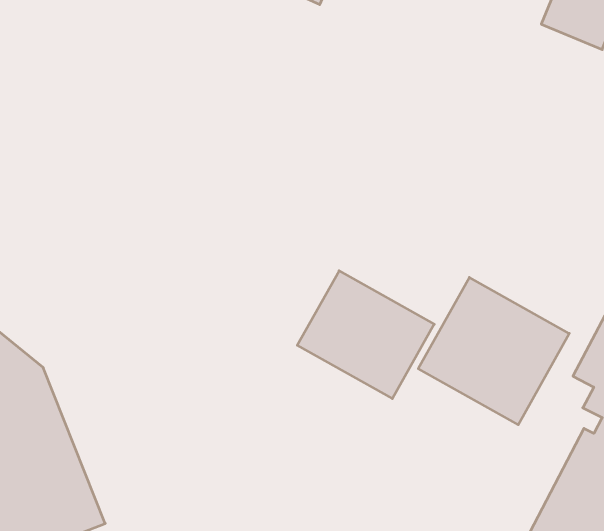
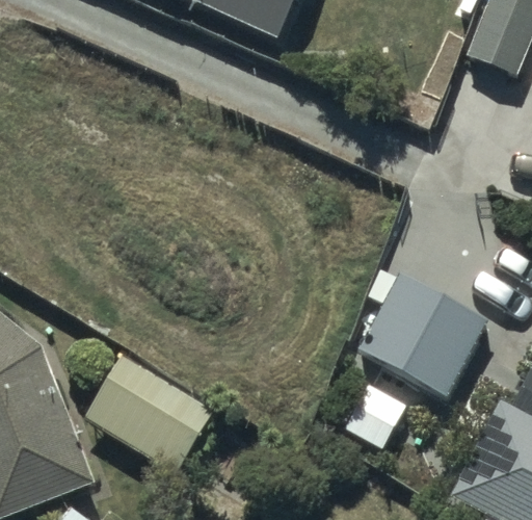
building: [297,271,434,399] -> none
building: none -> [84,359,212,473]

